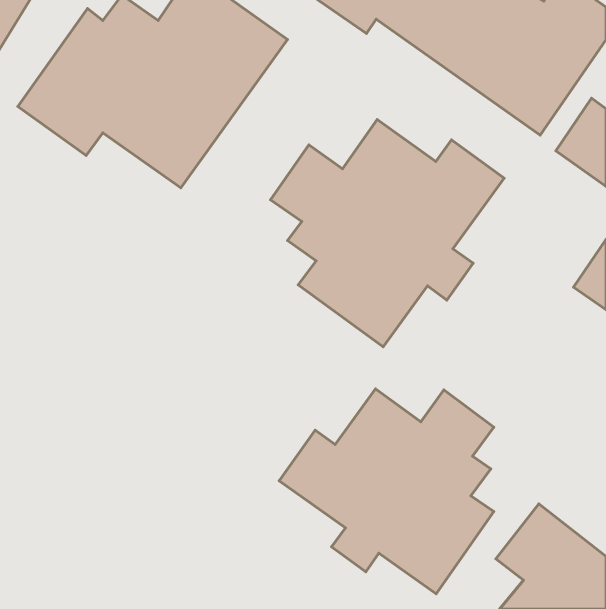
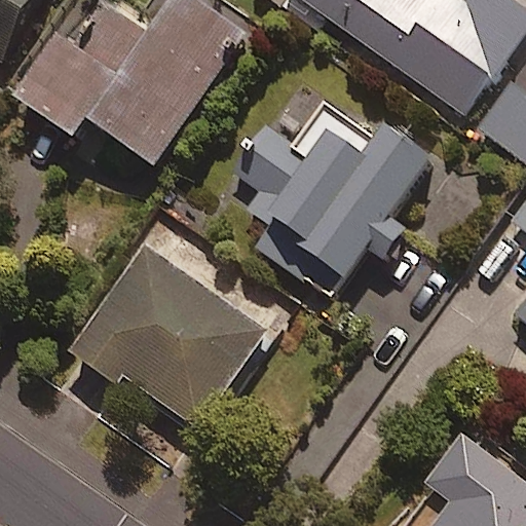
building: none -> [71,243,267,427]
building: [279,389,494,594] -> none

